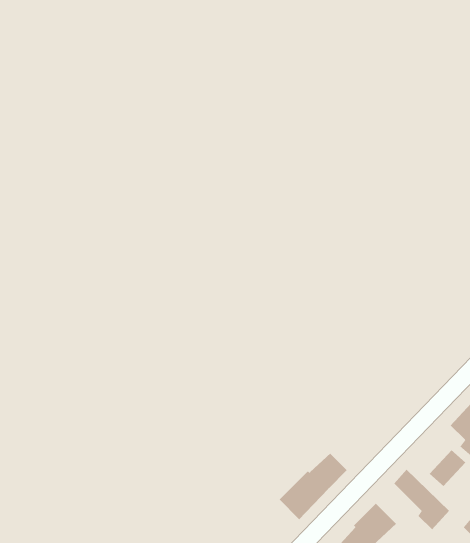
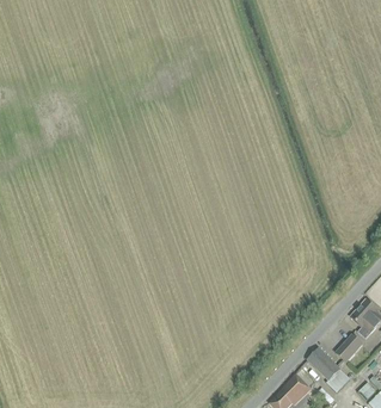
building: [279,453,348,520] -> none

